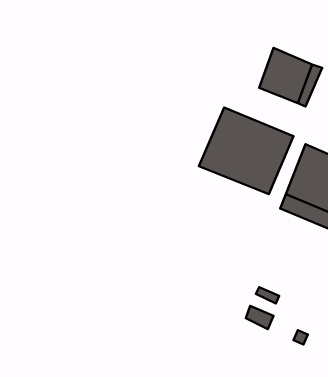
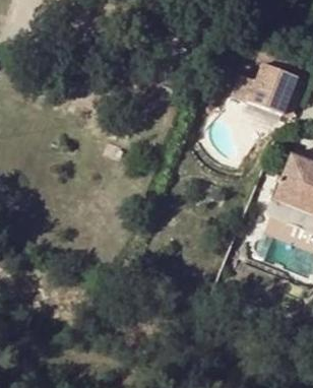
building: [199,107,294,194] -> none

